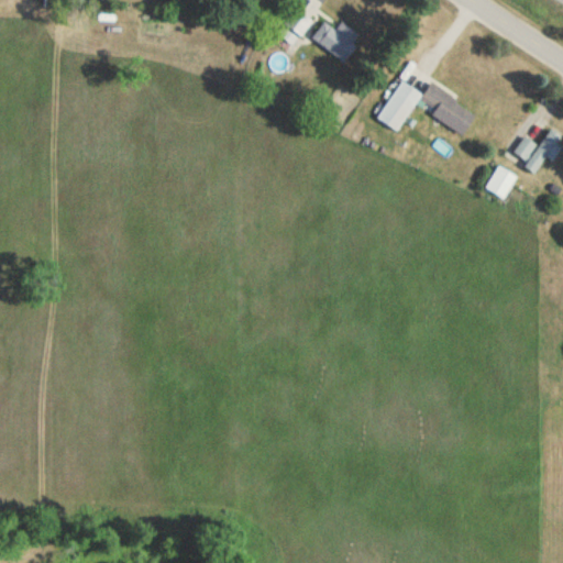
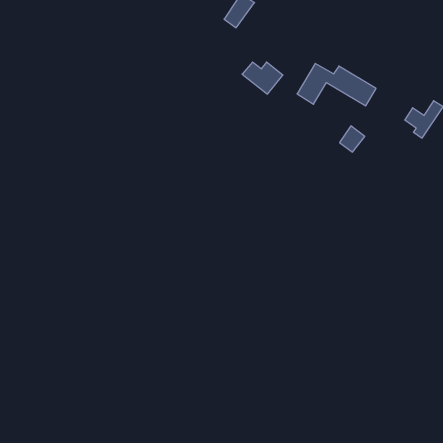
building: [311,22,363,63] -> [242,62,283,94]
building: [485,165,517,198] -> [340,126,365,152]

